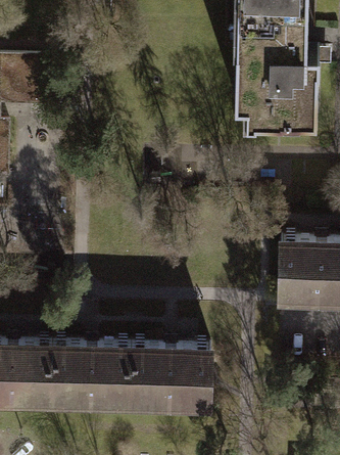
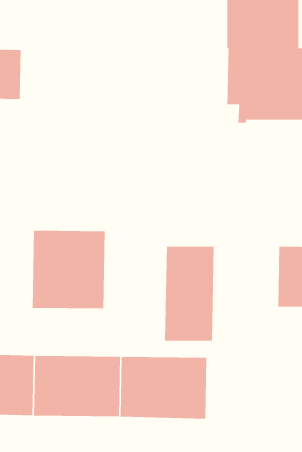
building: none -> [32,230,105,309]
building: none -> [165,246,214,342]

